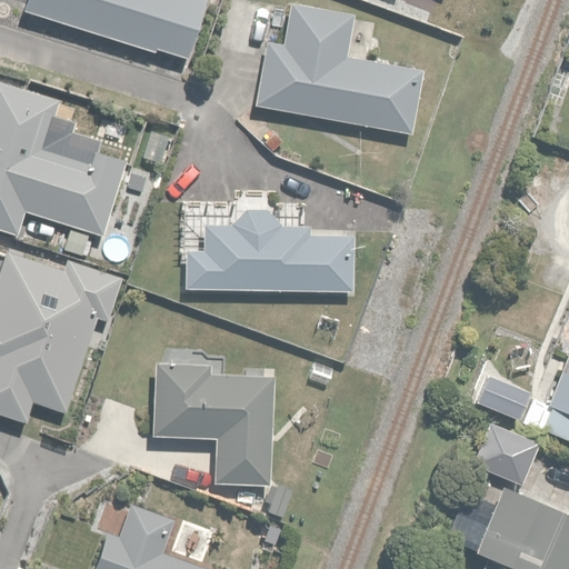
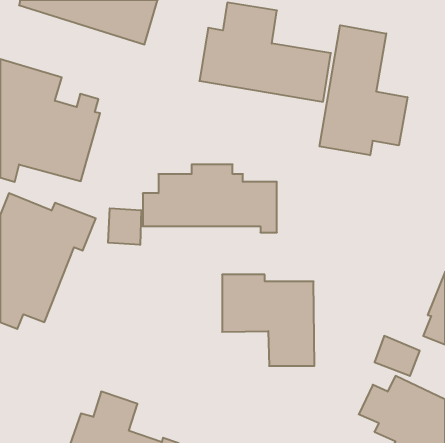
building: none -> [320,25,407,155]
building: none -> [108,208,141,245]
building: [154,366,272,482] -> [222,275,314,366]
building: [481,378,542,428] -> none

